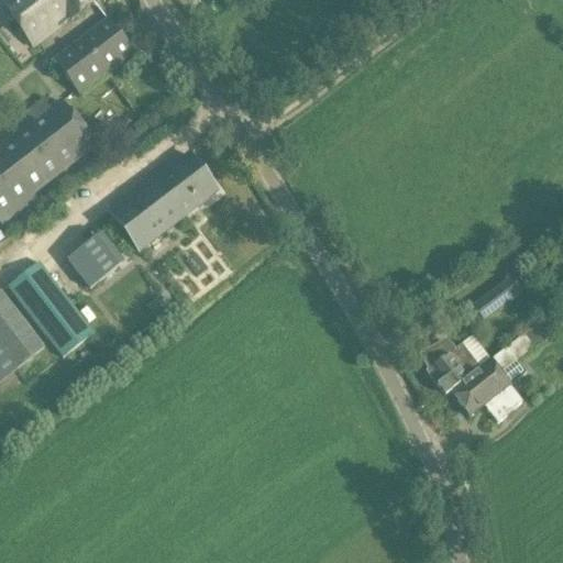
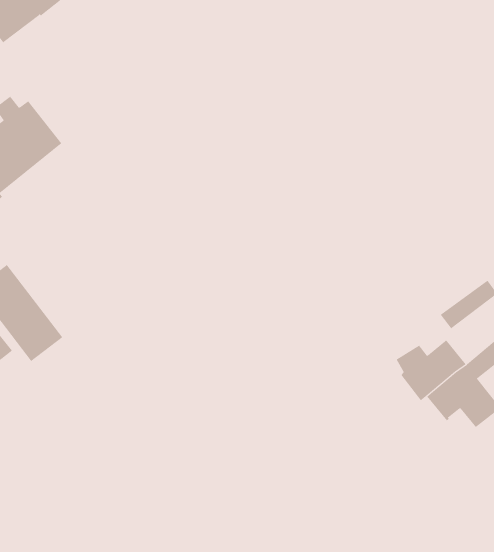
building: [54,19,133,92] -> none
building: [111,153,217,250] -> none
building: [67,232,124,287] -> none

